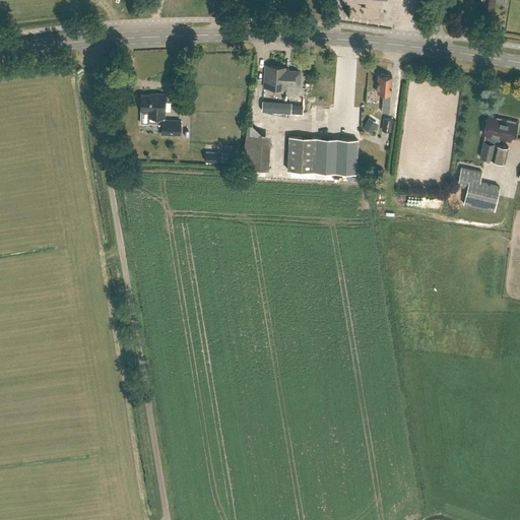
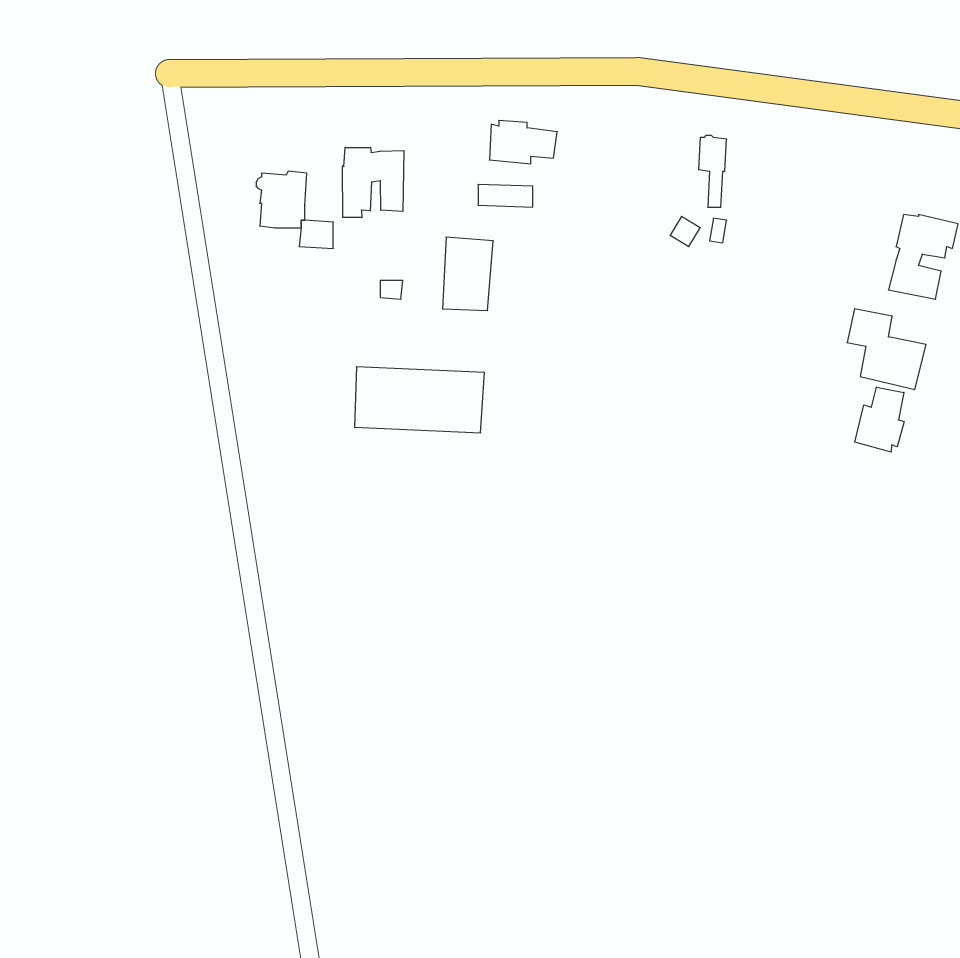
building: none -> [343,147,404,218]
building: [288,138,359,174] -> [354,367,484,433]
building: none -> [855,387,904,452]

